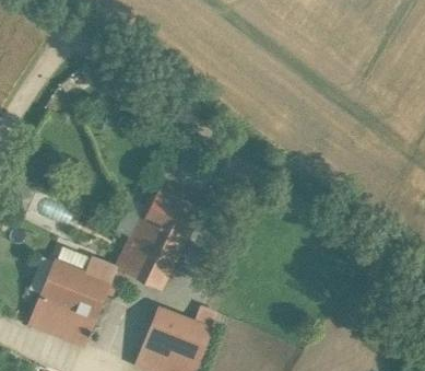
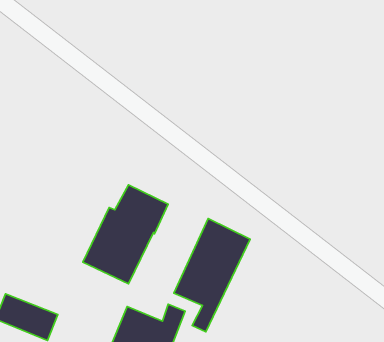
building: none -> [174,219,250,332]
building: [43,263,114,320] -> none

